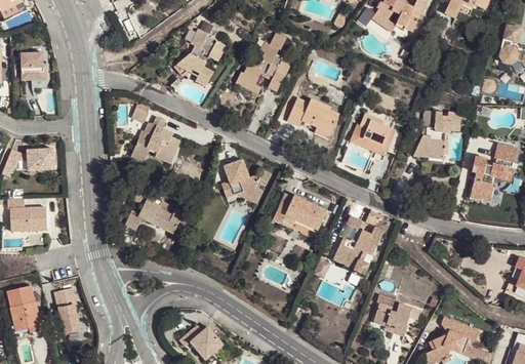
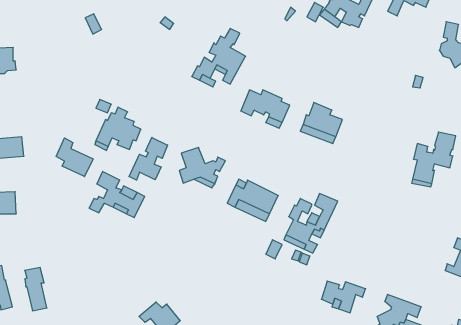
building: [170,29,226,86] -> none
building: [415,111,460,157] -> none
building: none -> [129,137,168,180]
building: none -> [56,138,93,177]

